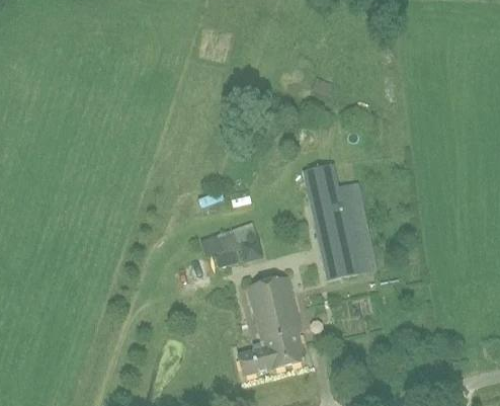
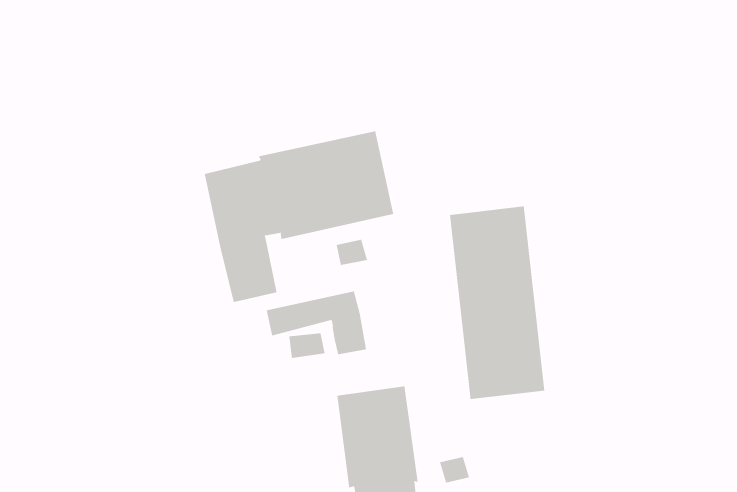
building: none -> [204,130,394,303]

